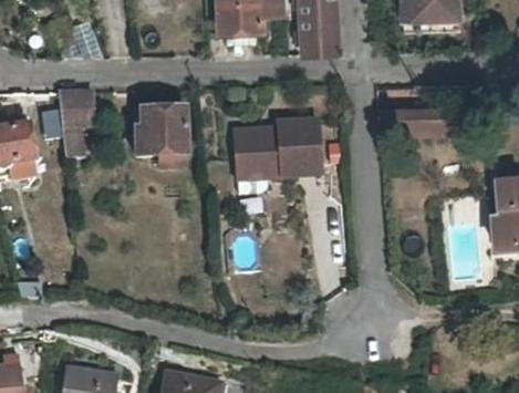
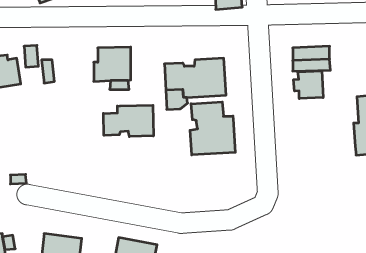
building: [58,90,91,124] -> none
building: none -> [294,71,323,99]
building: none -> [190,102,235,155]
building: none -> [103,105,153,137]

